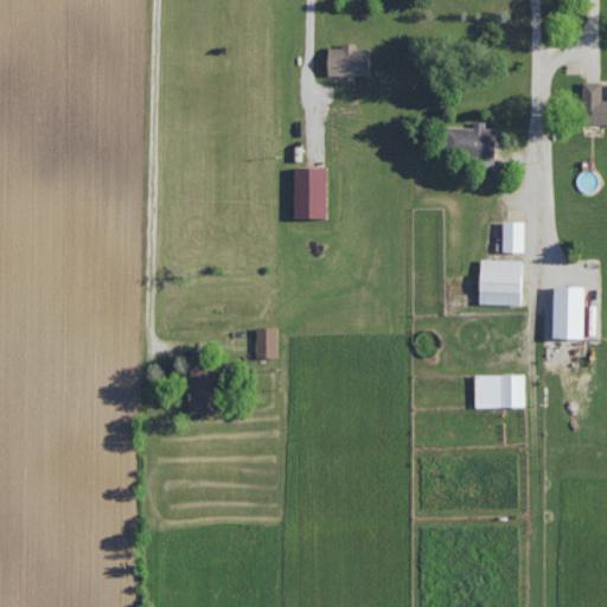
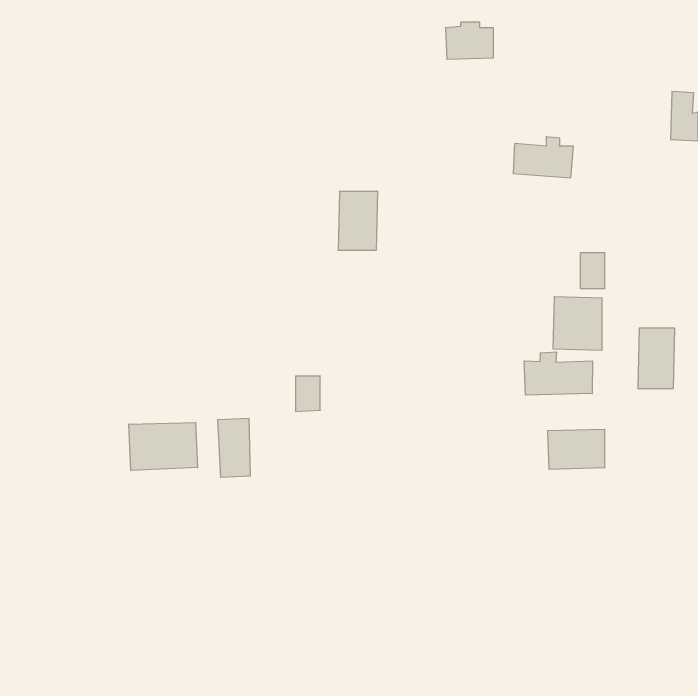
building: [327,44,369,76] -> [445,22,493,59]
building: none -> [524,352,592,395]
building: none -> [129,422,198,471]

